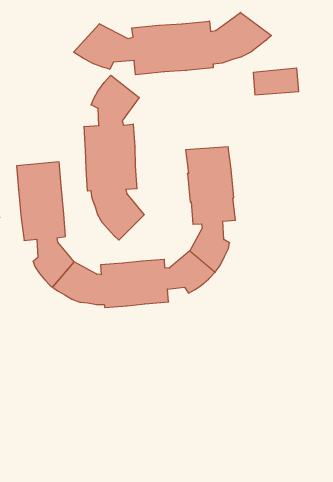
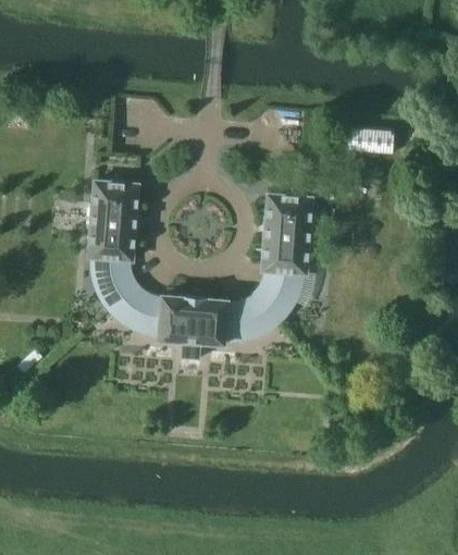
building: [74,12,271,75] -> none
building: [84,75,144,240] -> none

